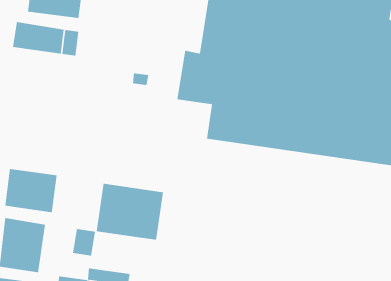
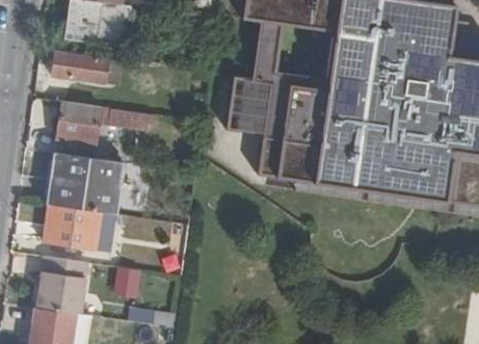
building: none -> [56,102,153,151]
building: [96,183,164,240] -> [48,153,119,213]

